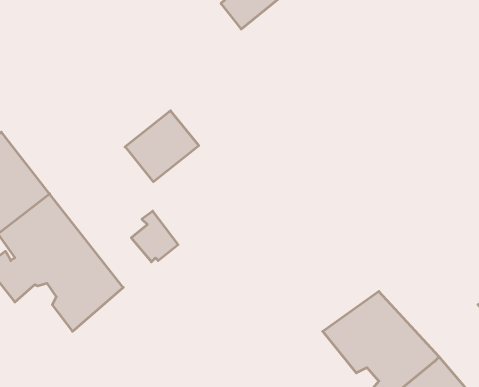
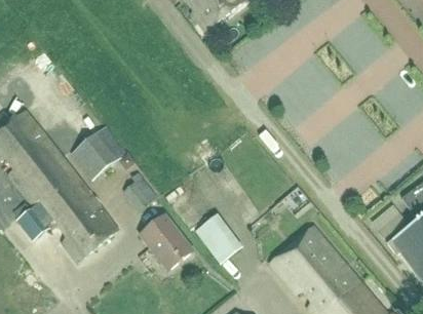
building: [125,111,199,182] -> [71,123,127,178]
building: none -> [139,213,192,269]
building: none -> [193,214,241,266]

